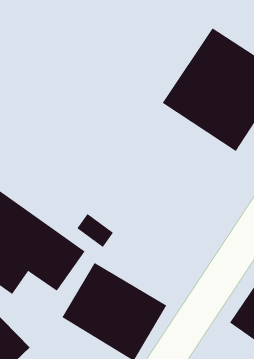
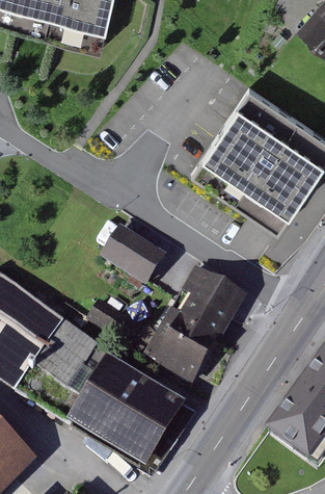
building: none -> [104,229,170,285]
building: none -> [150,265,251,382]

